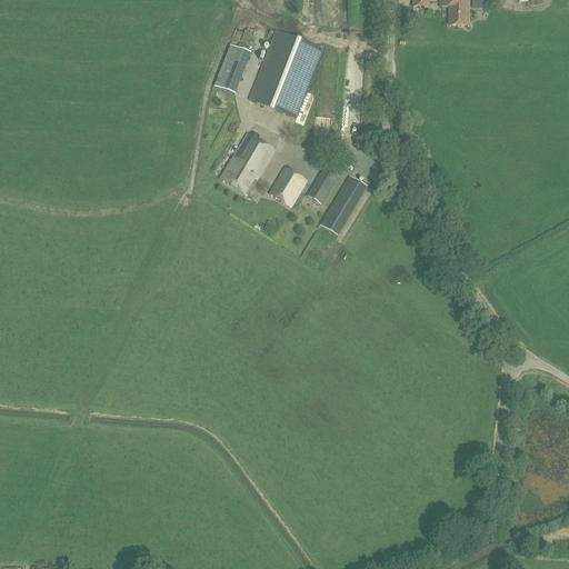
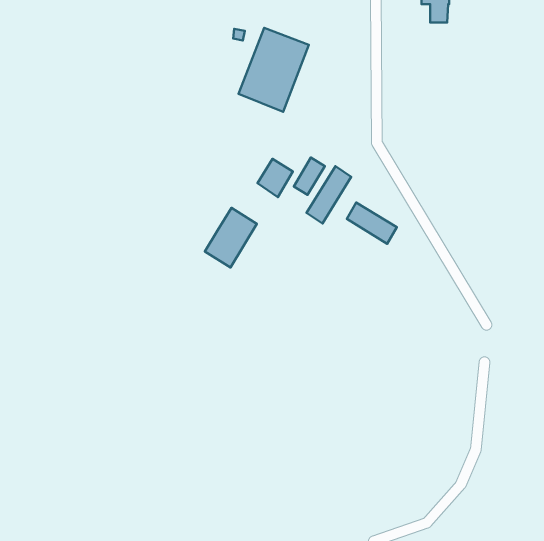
building: [213,42,251,92] -> none
building: [220,131,274,193] -> [205,208,257,268]
building: none -> [347,203,397,244]

